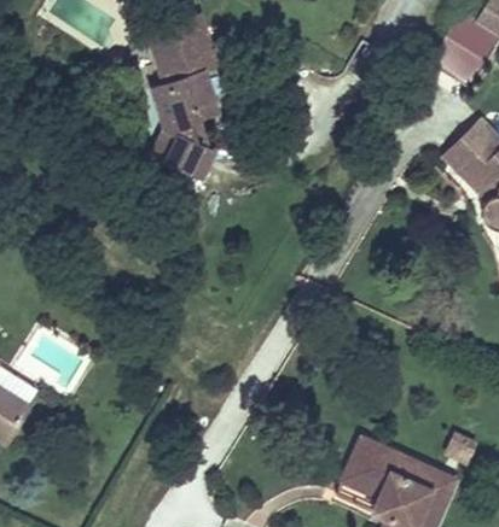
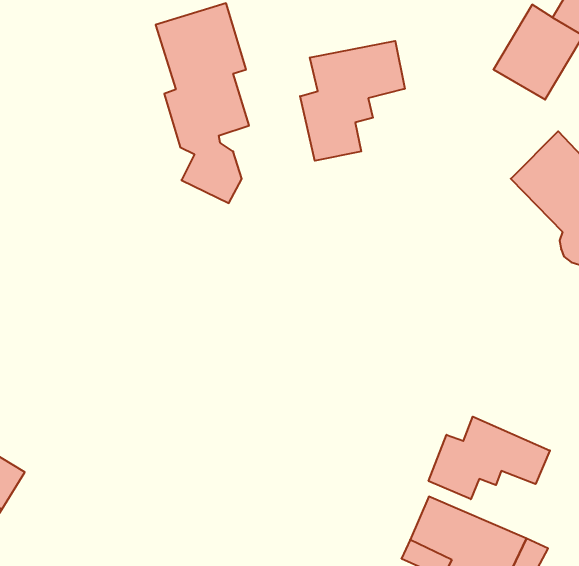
building: none -> [300,41,405,161]
building: none -> [429,417,550,499]

